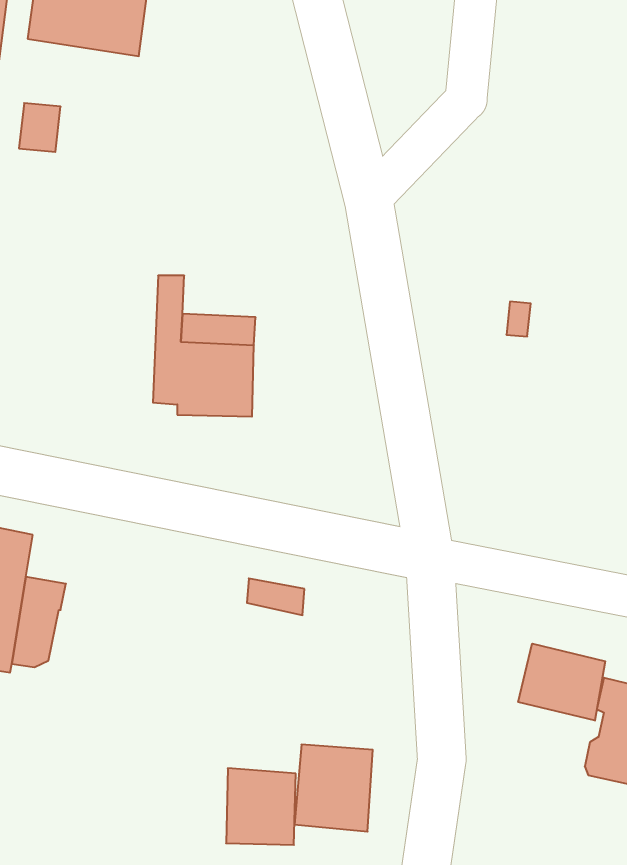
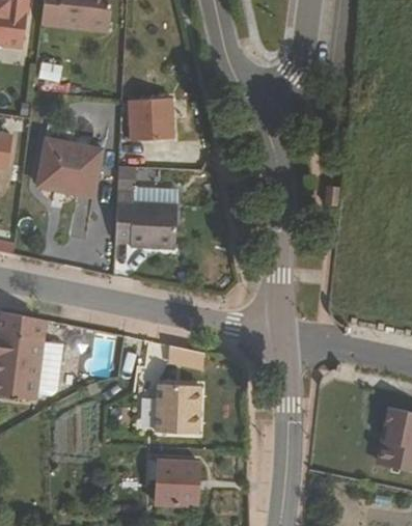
building: none -> [131,95,174,139]
building: none -> [39,137,102,194]
building: [518,644,605,721] -> none
building: [294,745,373,832] -> [157,381,203,433]

